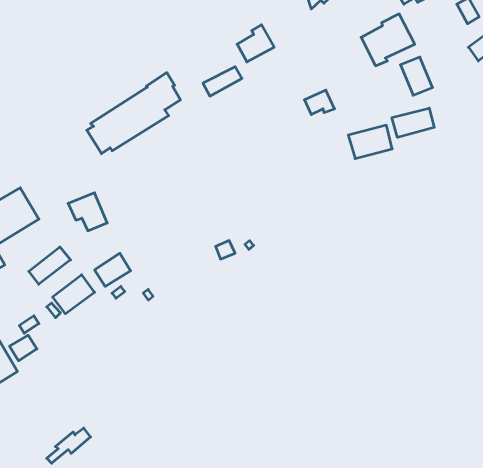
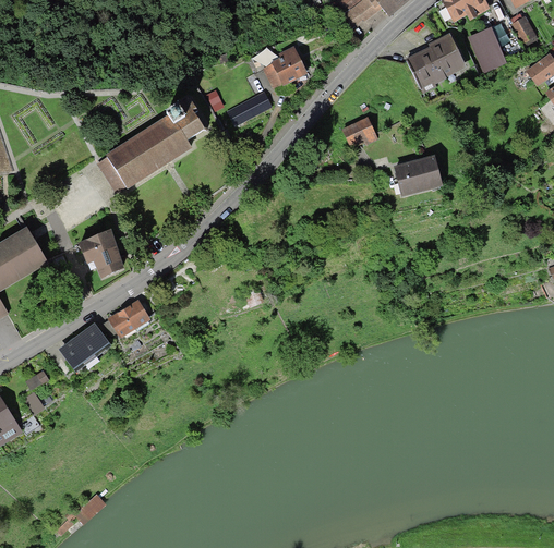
building: [400,57,433,95] -> [469,27,505,70]
building: [392,108,434,137] -> none
building: [29,247,71,284] -> none

